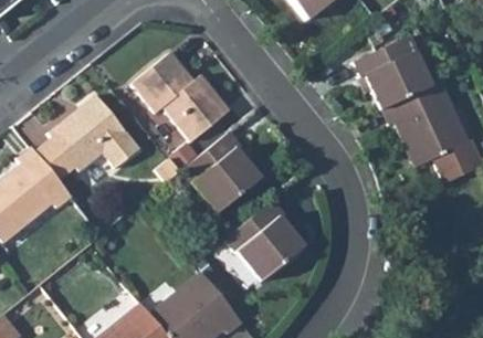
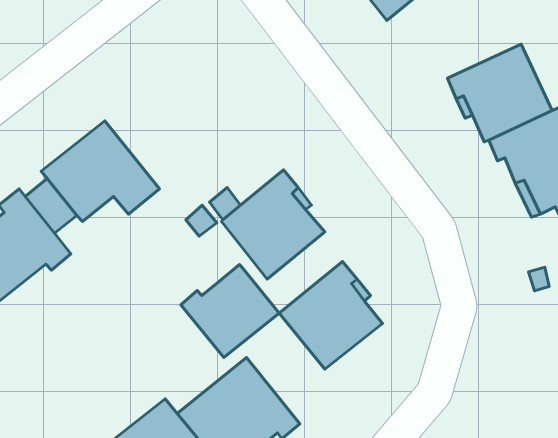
building: [133,52,230,141] -> none
building: none -> [181,265,279,358]

